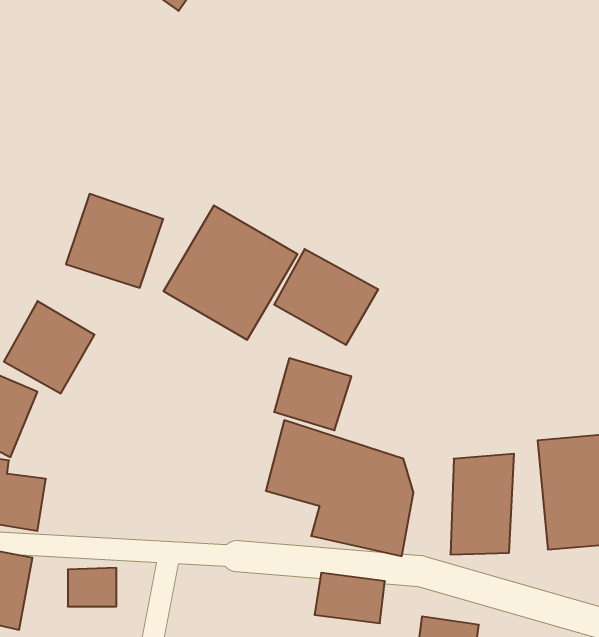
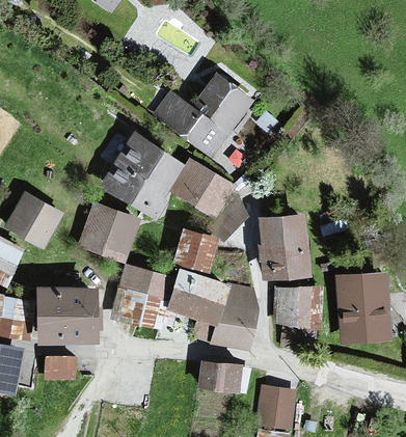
building: none -> [156,72,253,154]
building: [66,194,163,288] -> [77,202,137,261]
building: none -> [259,212,310,280]
building: none -> [111,265,171,330]
building: none -> [38,284,98,339]

